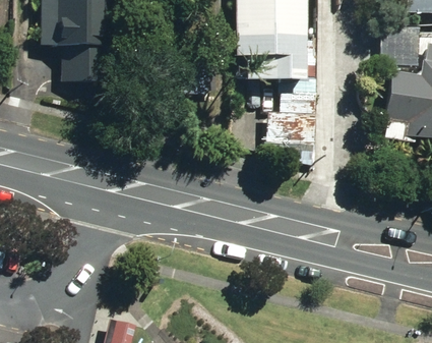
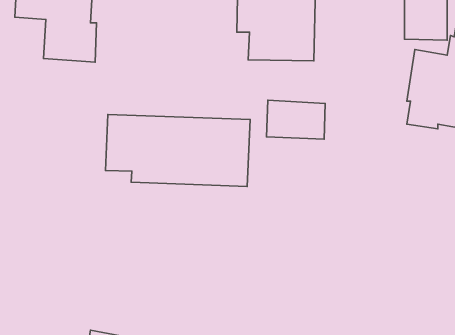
building: none -> [105,114,250,187]

